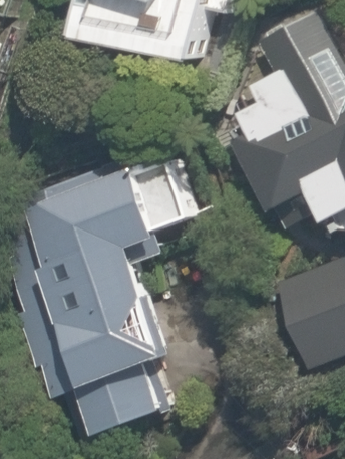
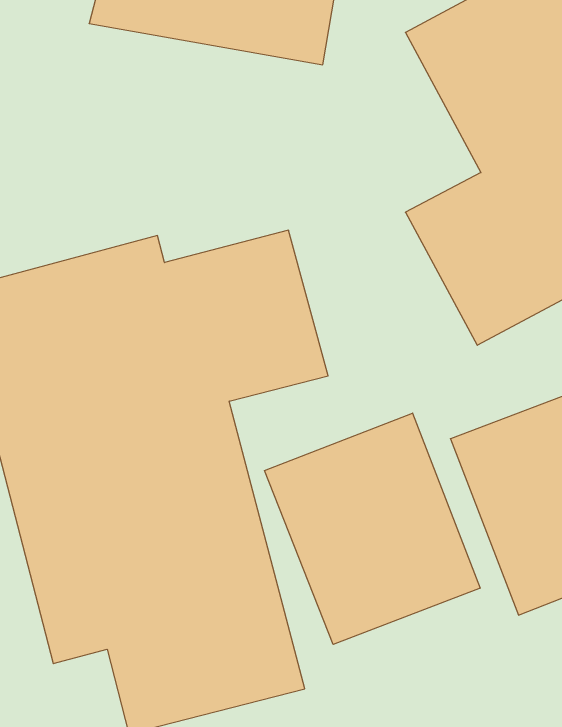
building: none -> [265,413,480,644]

